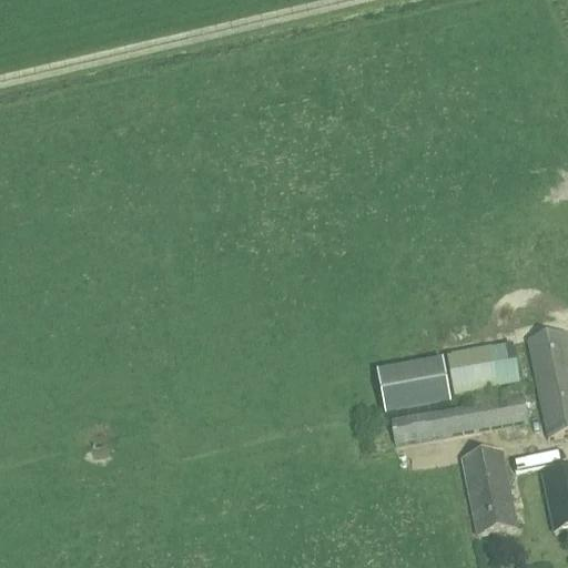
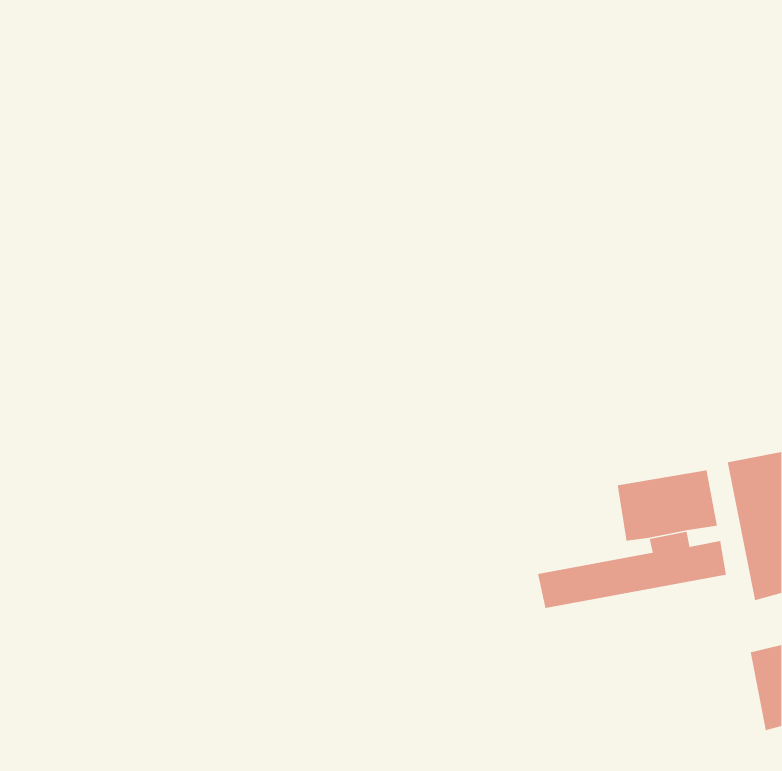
building: [377,357,452,414] -> none
building: [463,447,517,531] -> none

